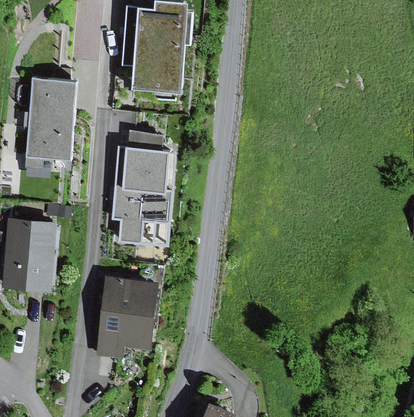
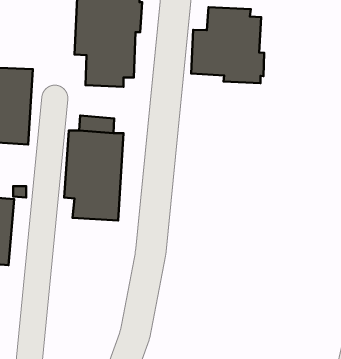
building: none -> [191,7,264,83]
building: [95,276,159,360] -> none

